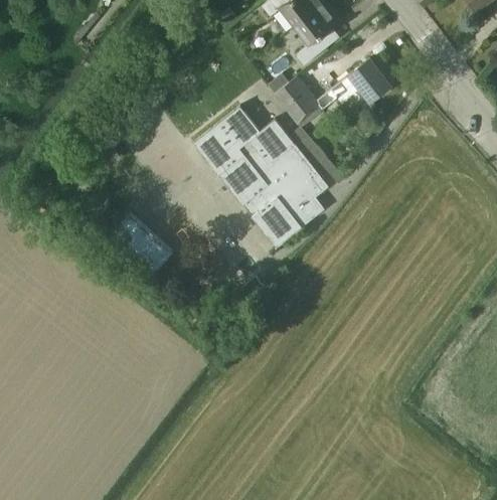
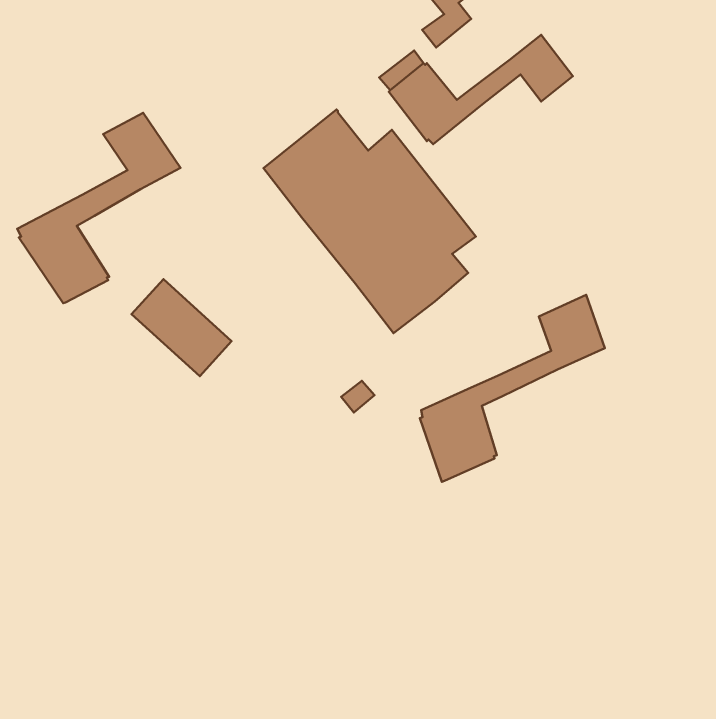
building: none -> [17,113,181,303]
building: none -> [420,295,605,482]

